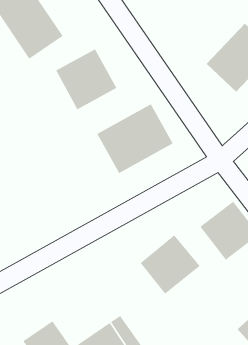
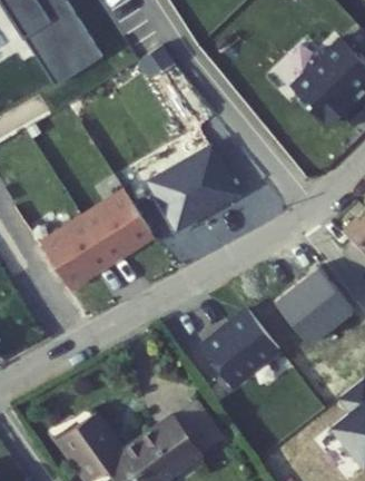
building: [55,49,117,110] -> none
building: none -> [31,199,140,292]

